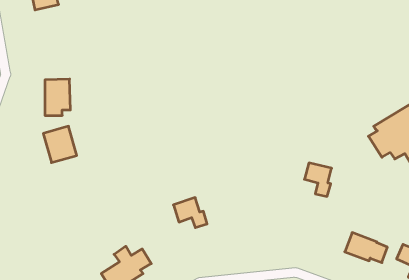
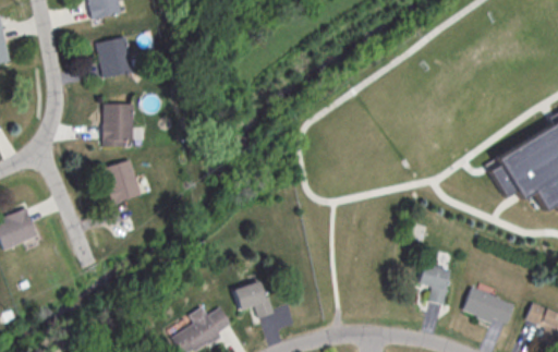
building: none -> [97,37,133,78]
building: [304,163,332,196] -> [416,264,449,304]
building: [173,198,207,228] -> [232,281,272,317]

